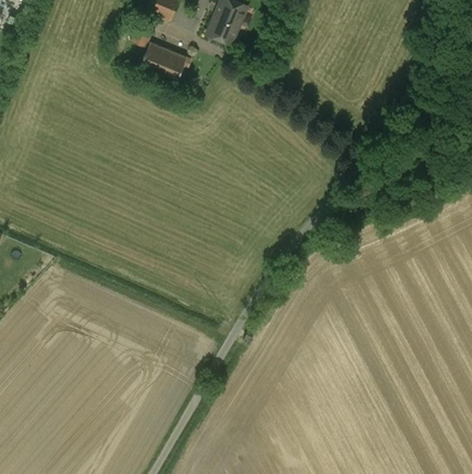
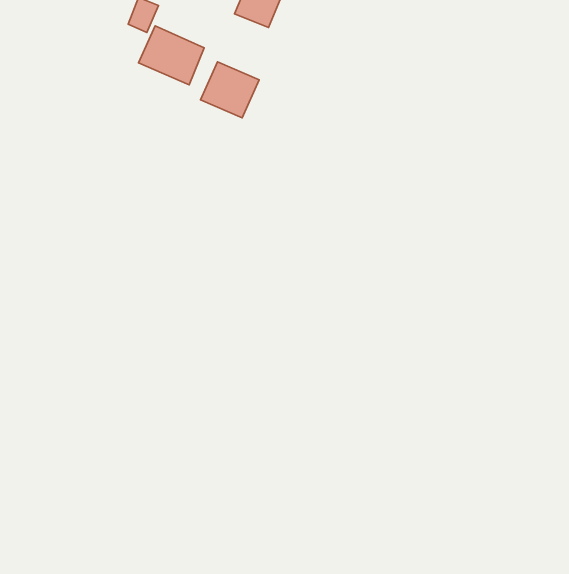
building: none -> [201,62,259,118]

